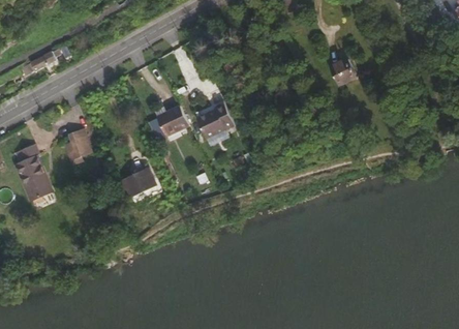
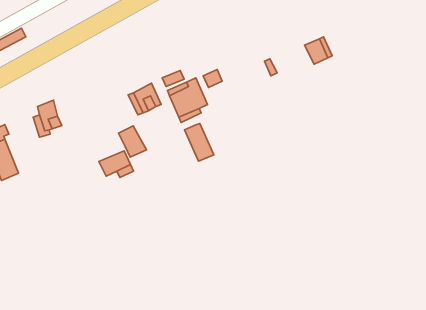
building: none -> [185,124,214,161]
building: none -> [119,126,146,157]

